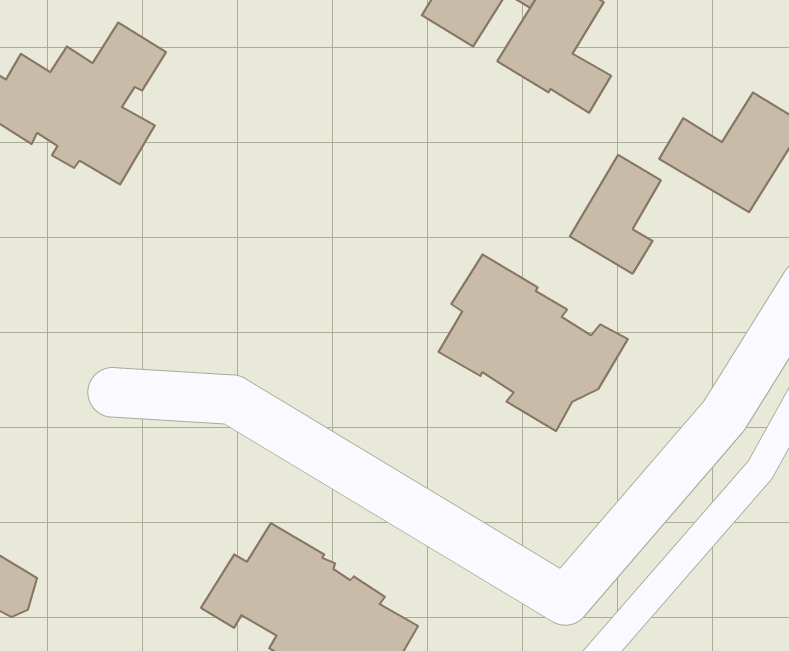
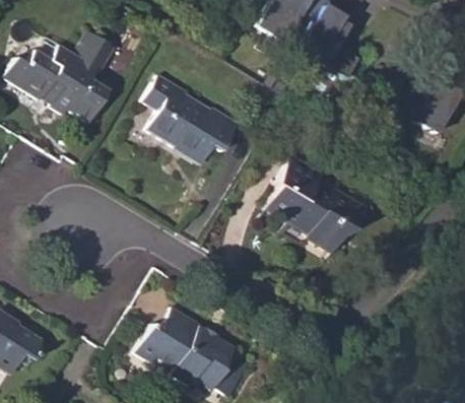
building: none -> [144,74,239,164]
building: [570,155,661,274] -> none

